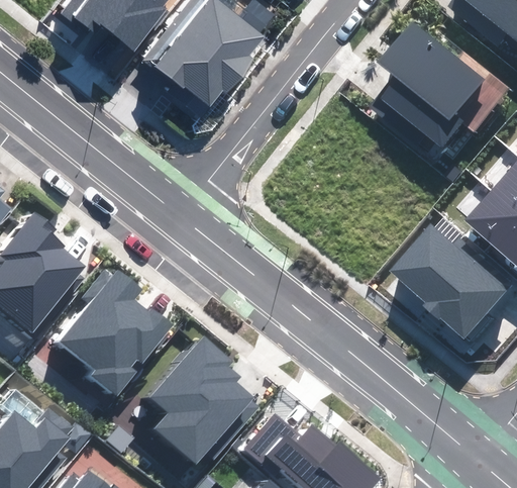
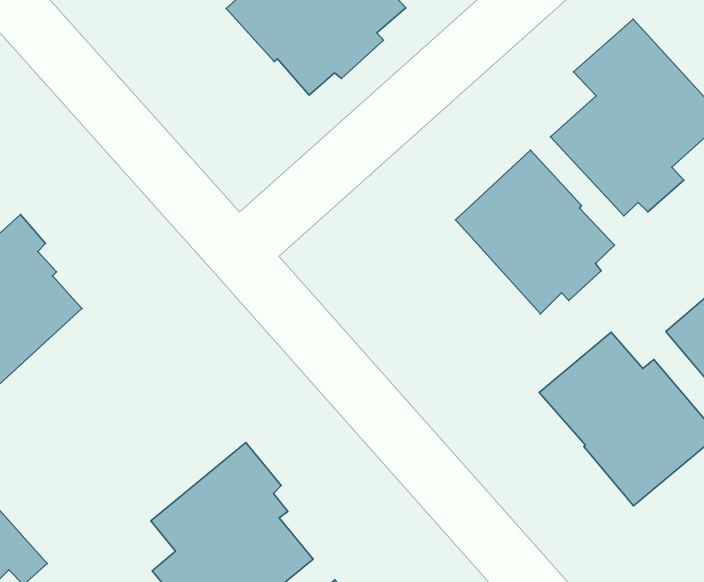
building: none -> [456,150,614,314]
building: [62,272,173,394] -> none

